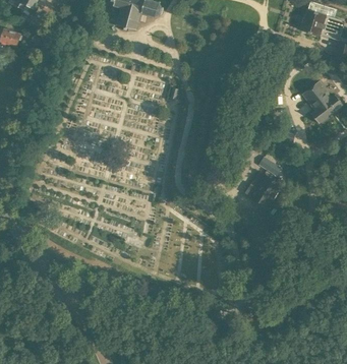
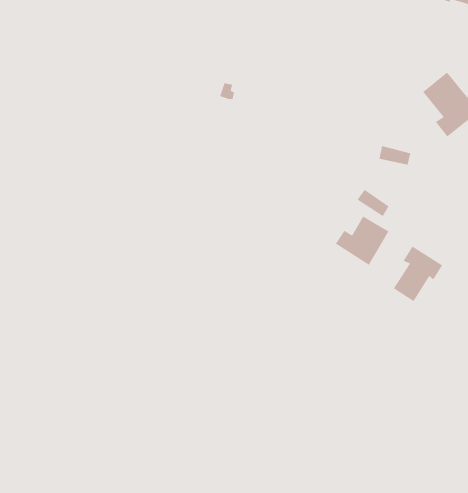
building: none -> [393,246,443,302]

